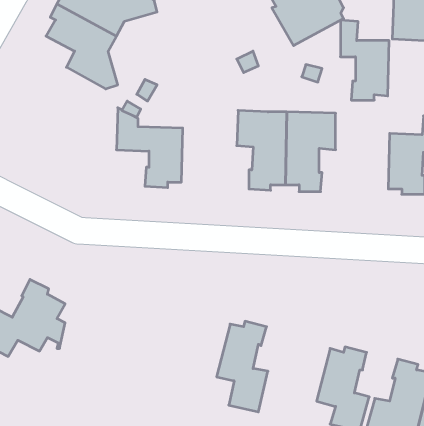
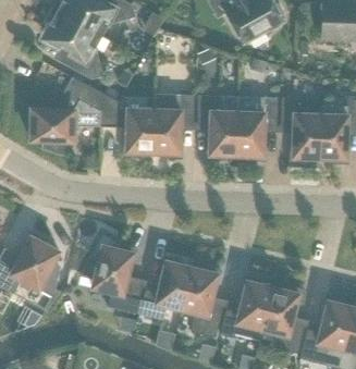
building: [340,20,389,100] -> [281,97,320,161]
building: none -> [26,76,101,153]
building: none -> [152,94,194,158]
building: none -> [81,244,142,313]
building: none -> [139,256,192,320]
building: none -> [220,275,272,337]

